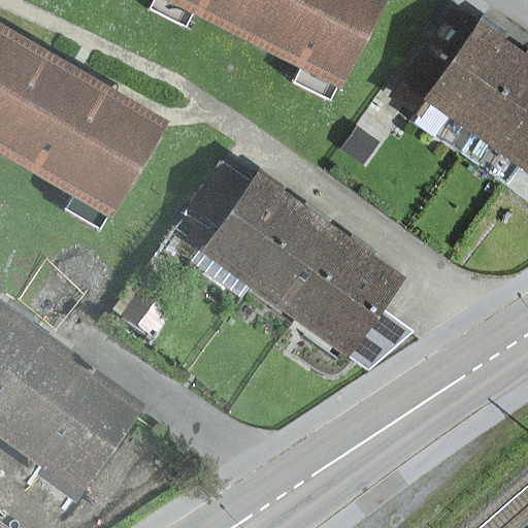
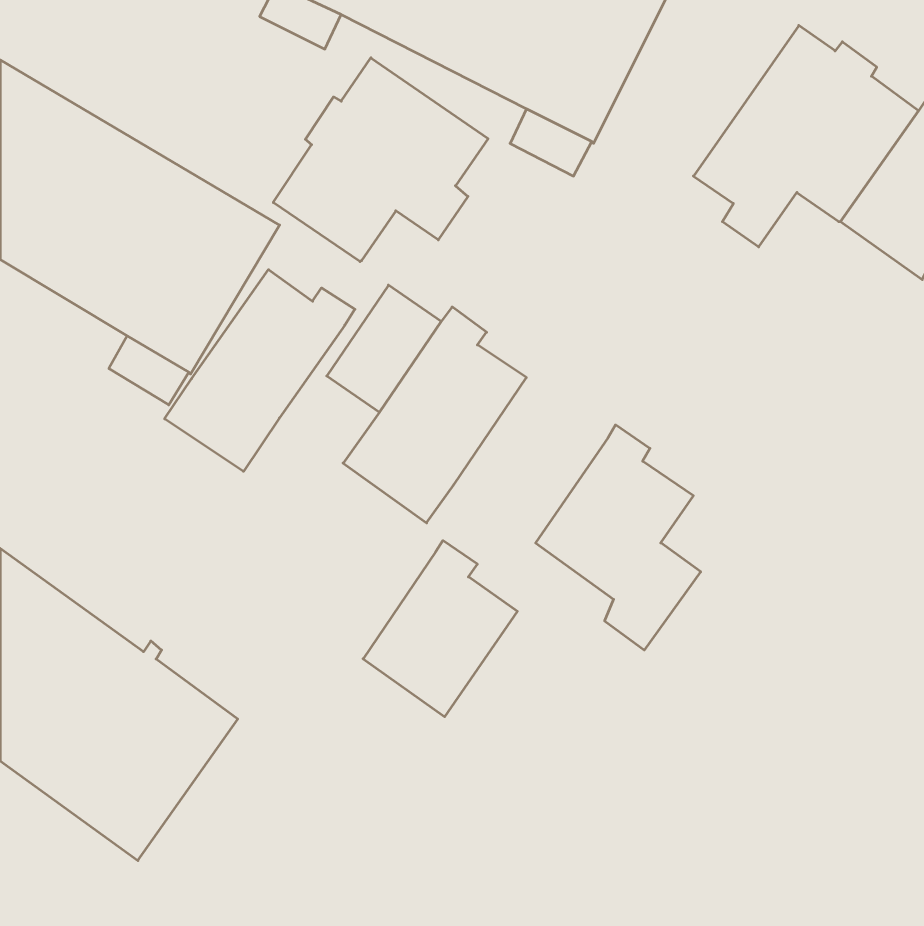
building: none -> [273,58,488,262]
building: none -> [165,270,355,471]
building: [260,208,348,308] -> [363,541,517,717]

